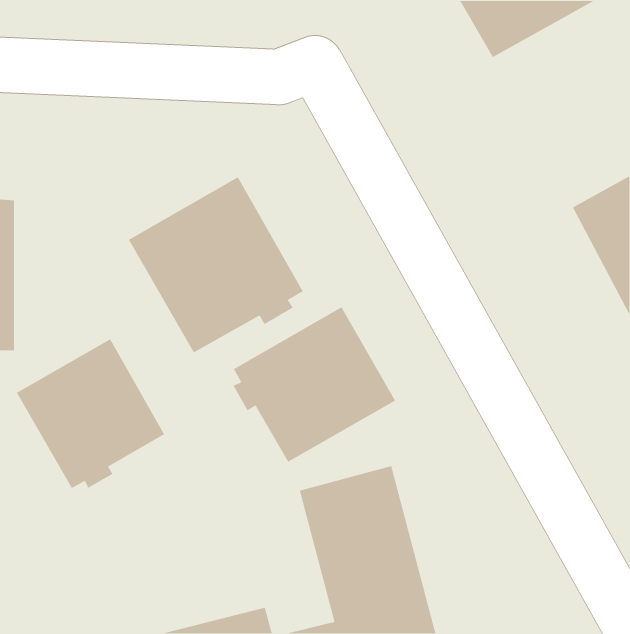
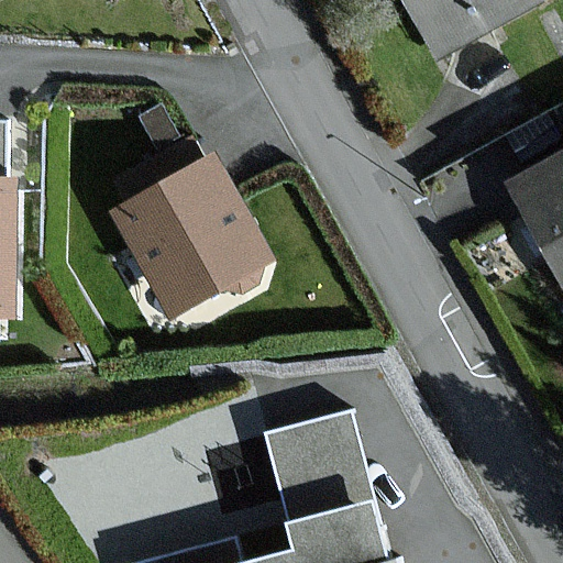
building: [233,306,396,463] -> none
building: [16,338,165,489] -> none

